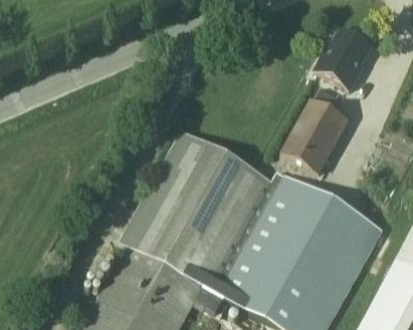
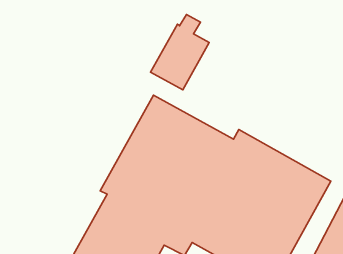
building: [317,27,373,87] -> none
building: [282,85,350,172] -> [150,14,209,90]

